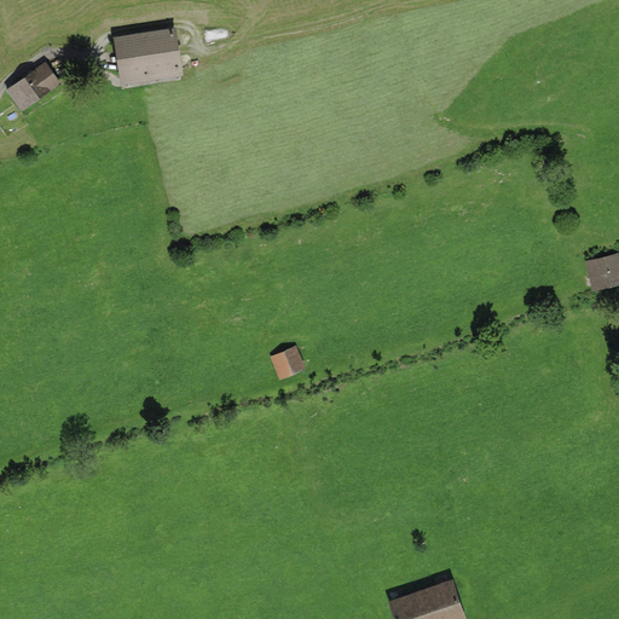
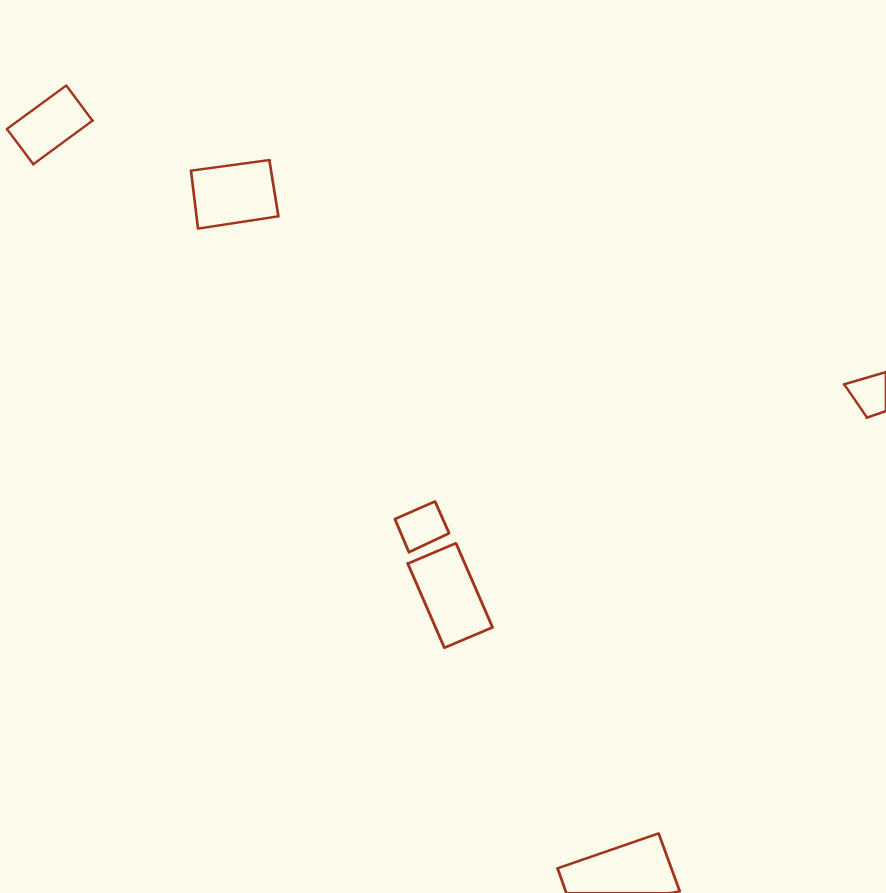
building: [112,29,173,76] -> [191,160,278,228]
building: none -> [408,543,492,648]

